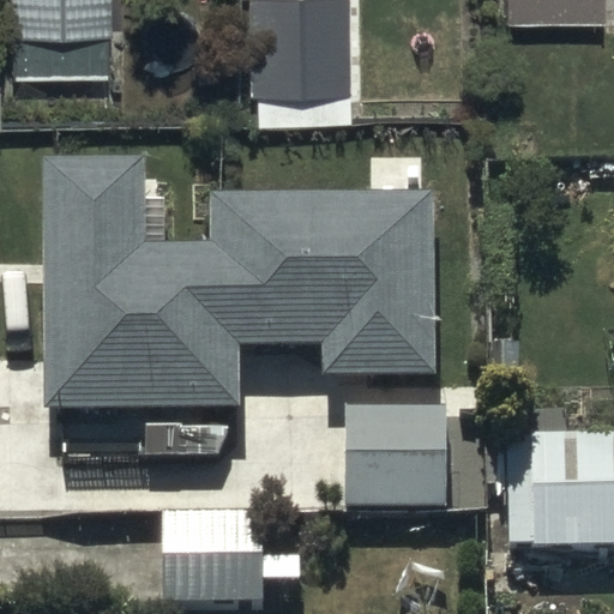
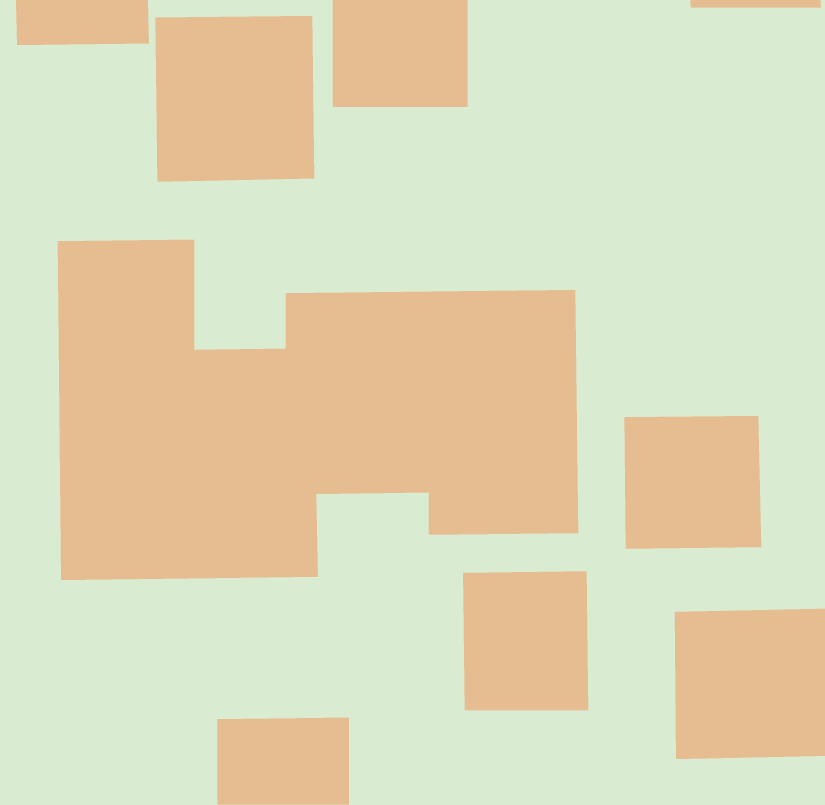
building: none -> [155,15,315,183]
building: none -> [624,415,762,549]

